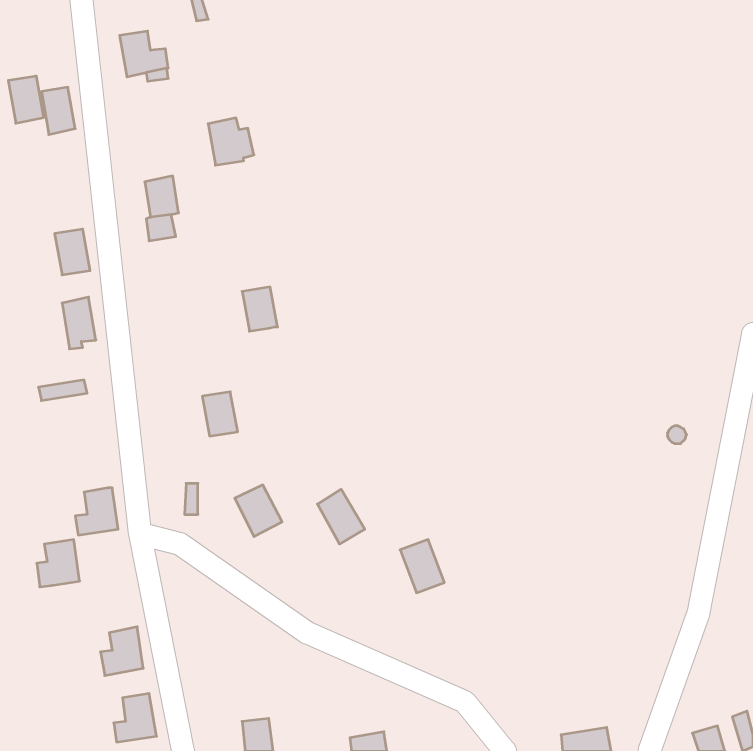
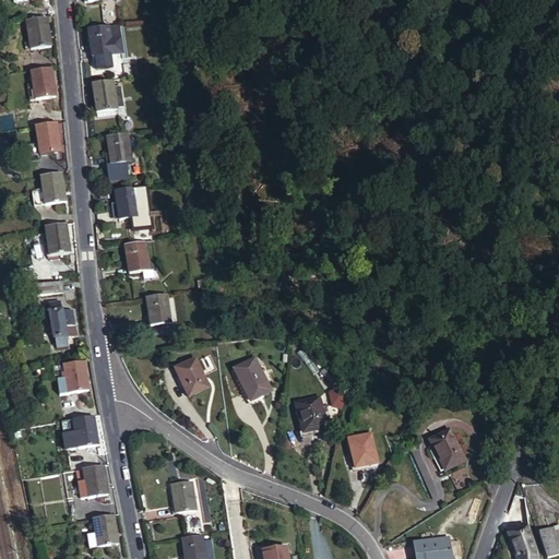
building: [8,76,44,123] -> [26,13,52,48]
building: [208,118,254,165] -> [93,76,127,111]
building: none -> [35,119,60,153]
building: none -> [114,185,140,217]
building: [242,287,278,331] -> [124,238,151,271]
building: none -> [48,299,78,344]
building: [37,540,80,587] -> [66,414,97,449]
building: none -> [429,428,464,469]
building: none -> [349,435,378,472]
building: none -> [169,474,193,508]

